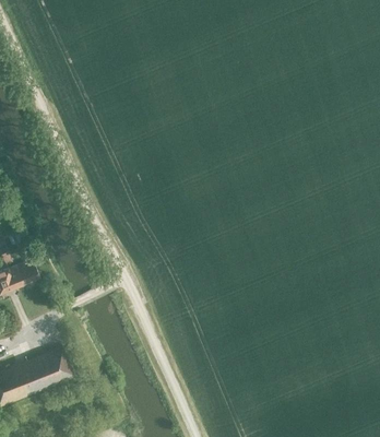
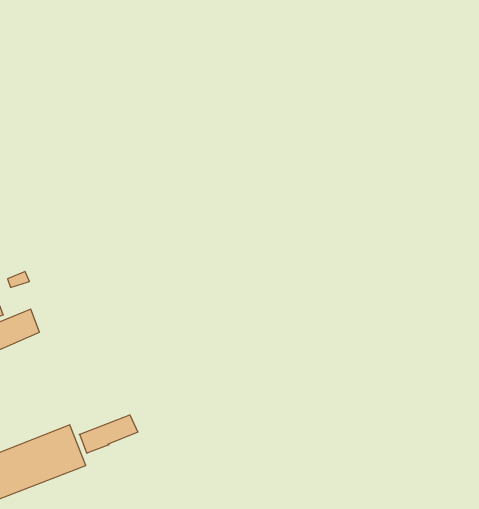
building: none -> [79,415,138,453]

